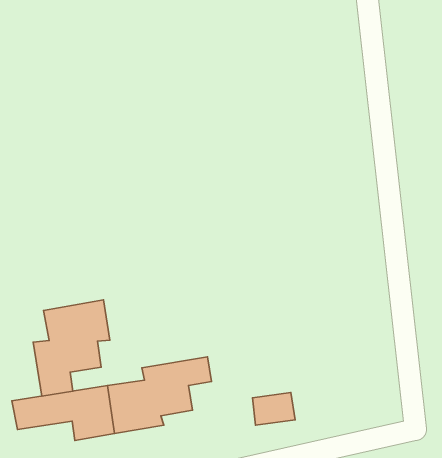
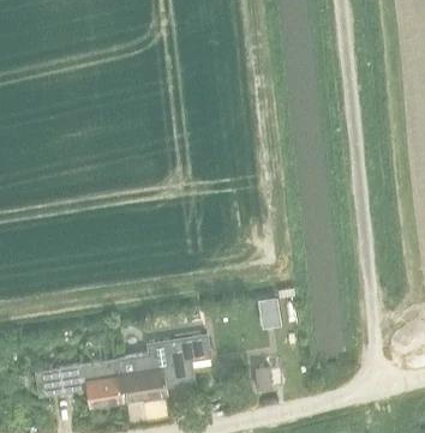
building: [33,300,110,396] -> none

